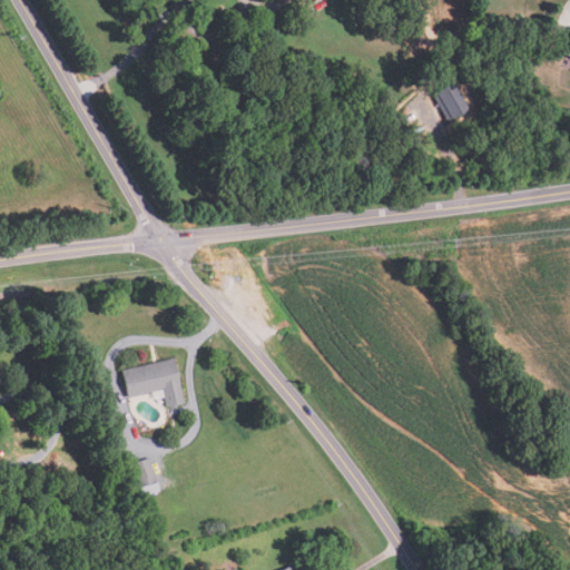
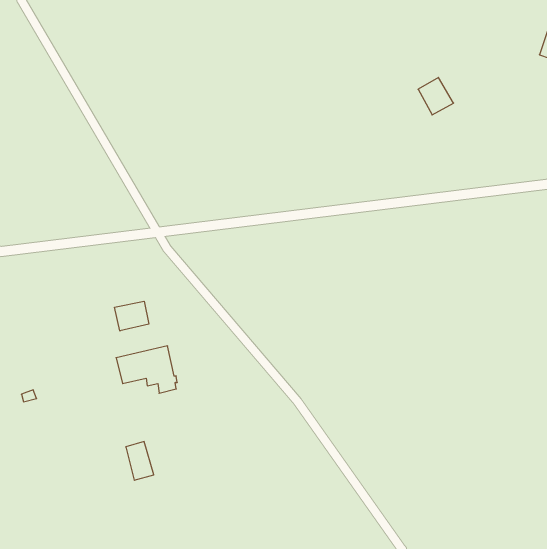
building: none -> [115,301,149,331]

